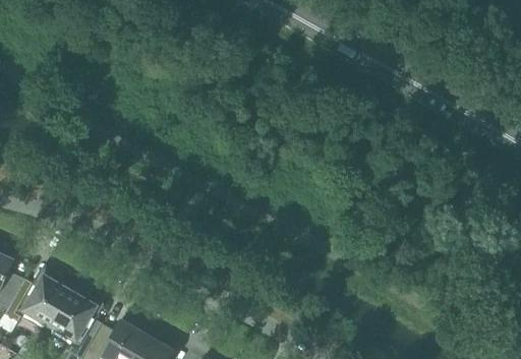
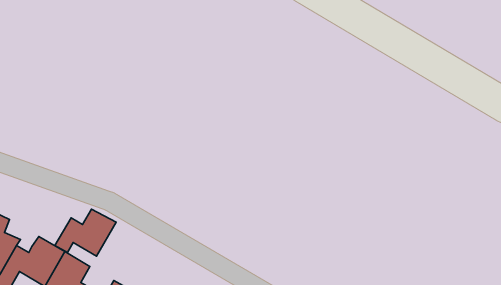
building: none -> [55,209,116,256]

